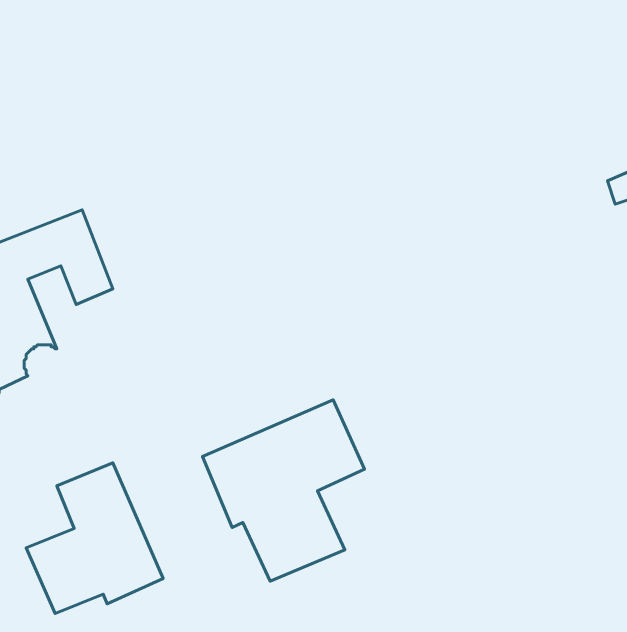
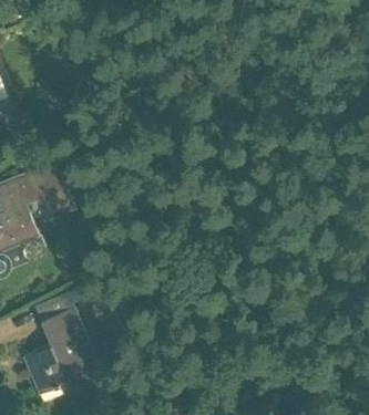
building: [203,400,364,581] -> none

